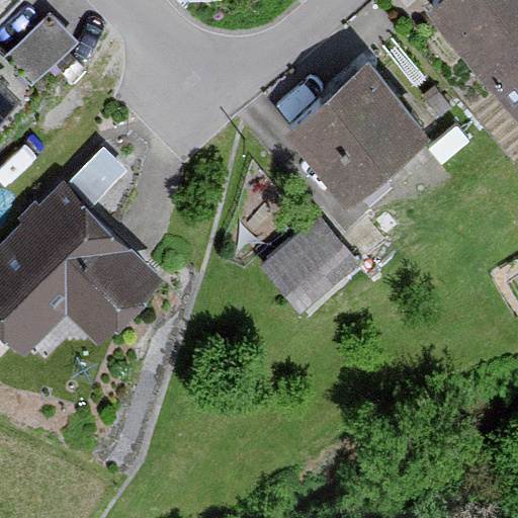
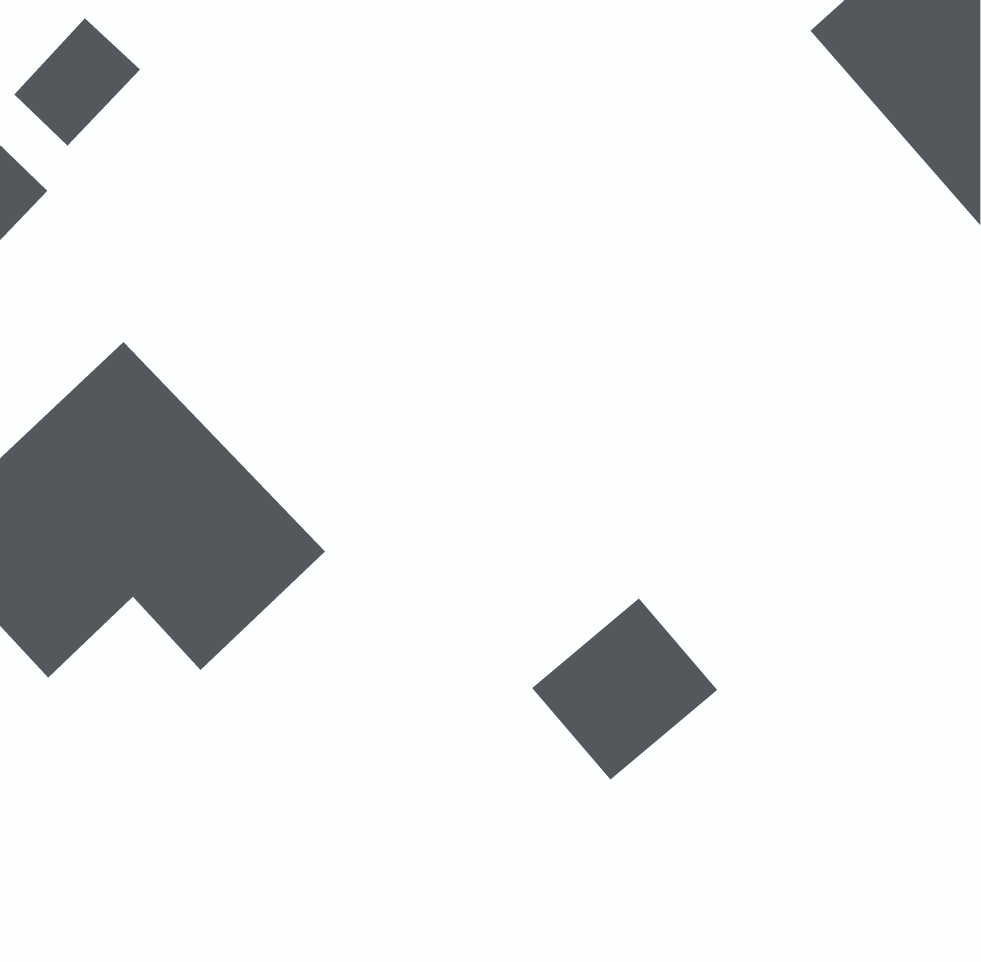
building: [287,64,433,208] -> none
building: [260,221,358,317] -> [531,597,718,781]

